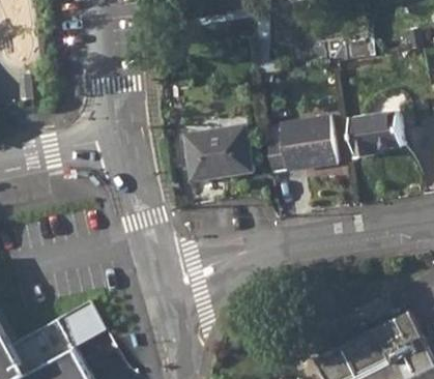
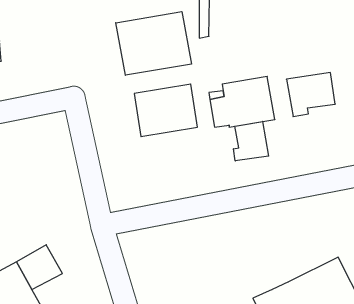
building: none -> [116,12,191,75]
building: none -> [234,121,269,161]

